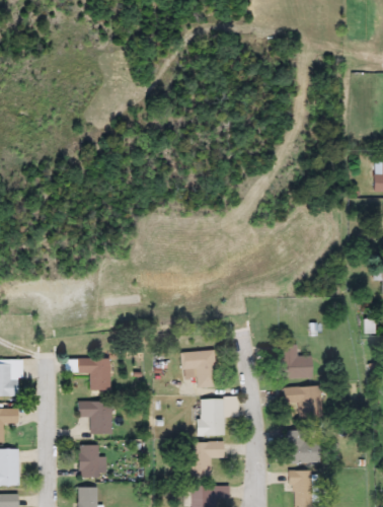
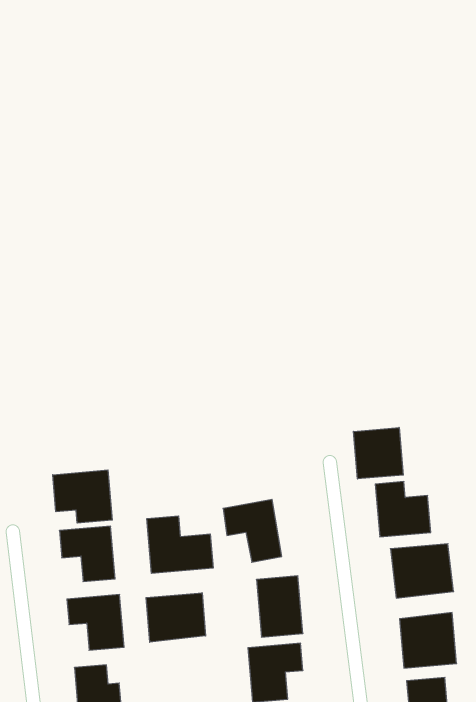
building: none -> [353,427,403,479]
building: none -> [53,470,112,523]
building: none -> [147,516,213,573]
building: none -> [146,593,206,642]

